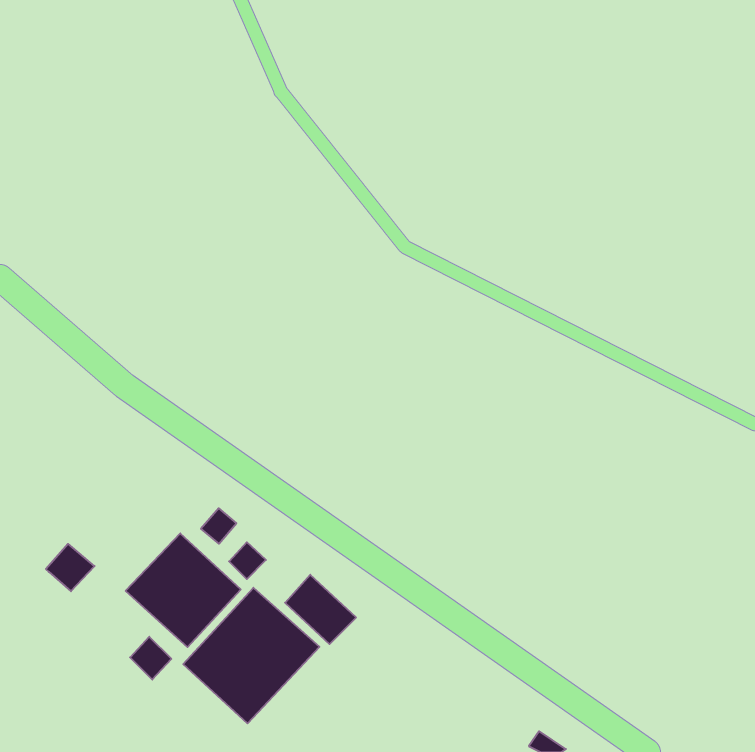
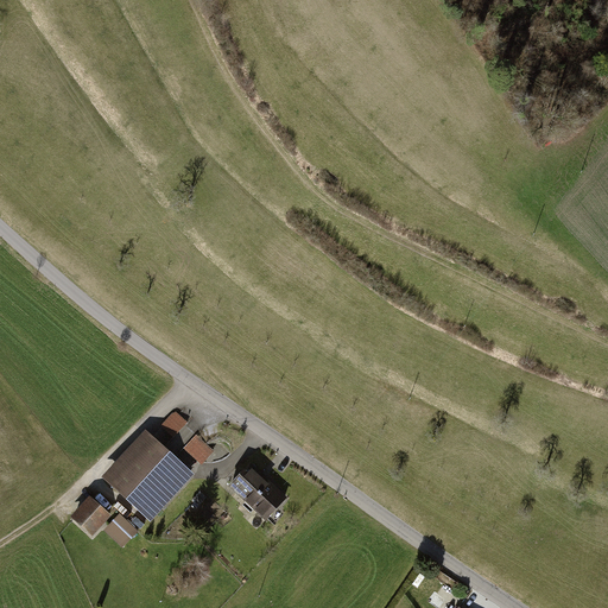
building: [46,544,95,591] -> [71,495,110,533]
building: [183,588,319,723] -> none

